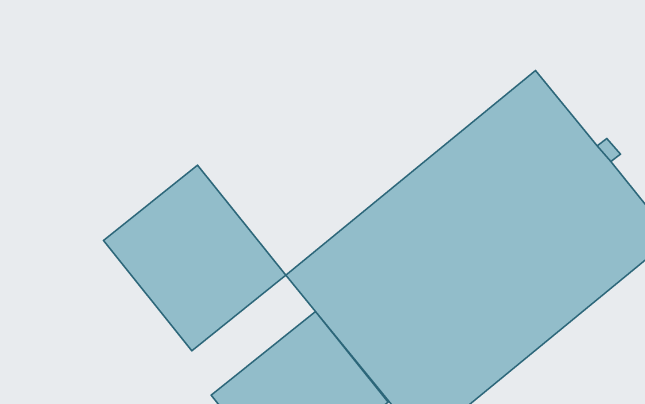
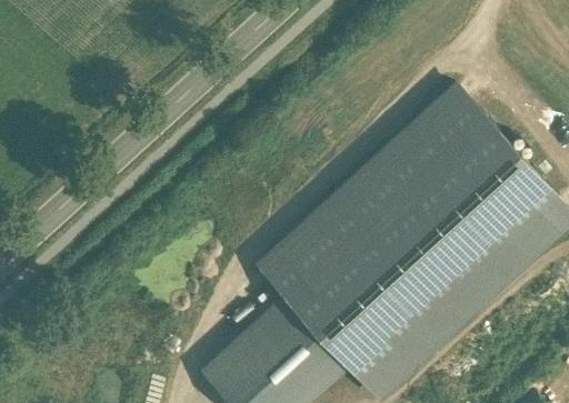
building: [103,165,286,351] -> none

